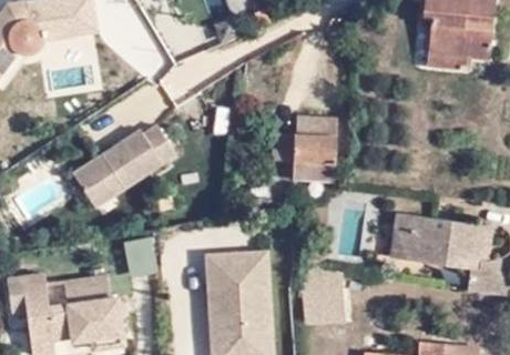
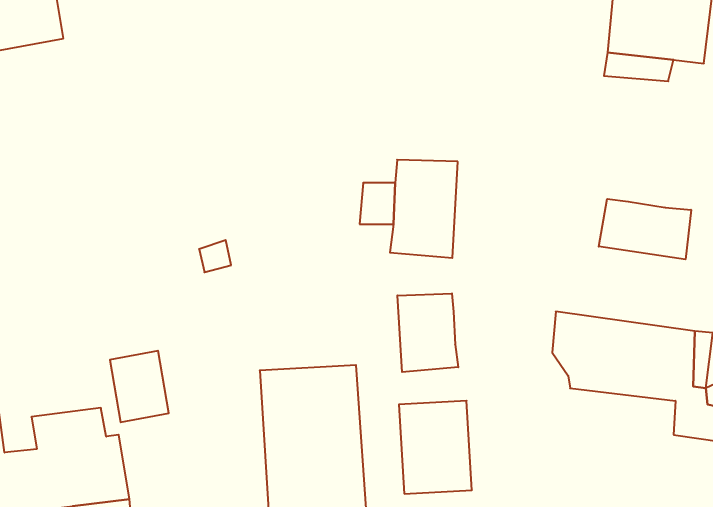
building: [76,119,181,203] -> none
building: none -> [599,199,691,259]
building: none -> [397,293,458,372]

